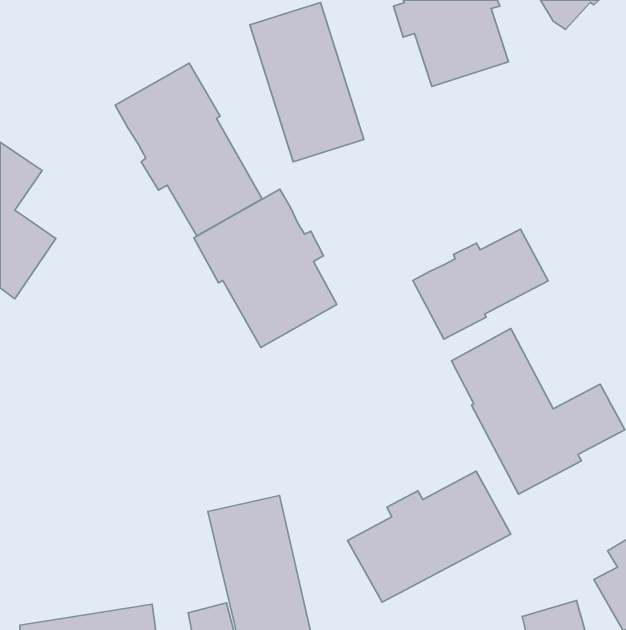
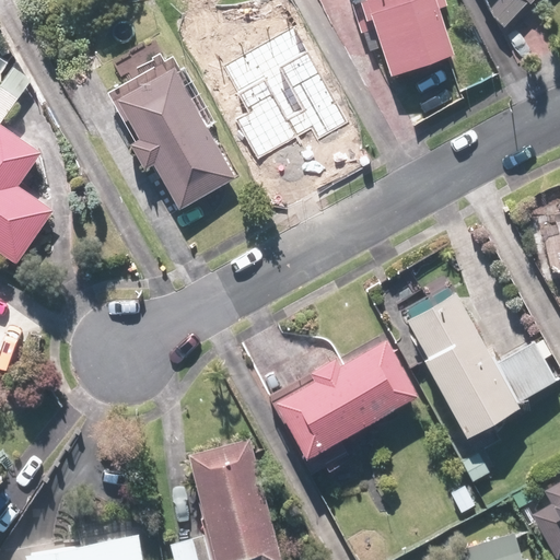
building: [194,189,337,348] -> none
building: [413,229,548,339] -> none
building: [347,471,511,602] -> [272,340,417,456]

